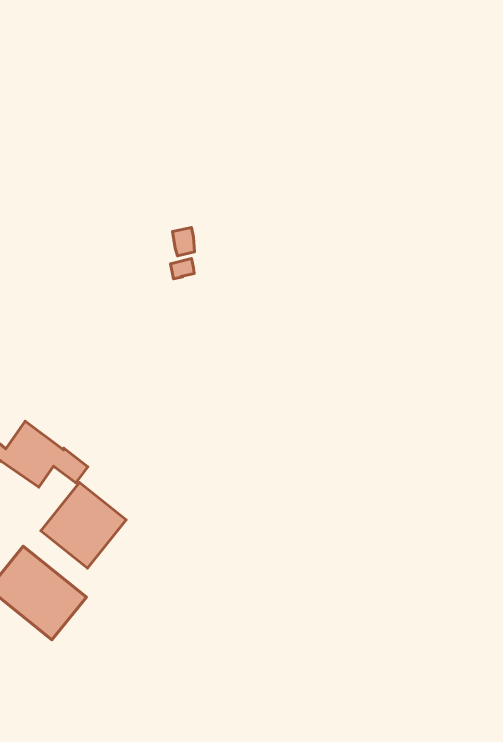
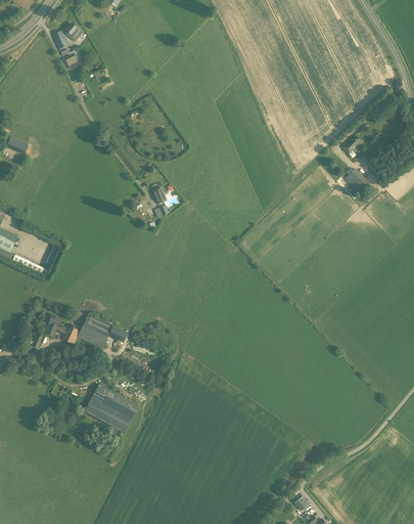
building: [41,482,126,568] -> none

